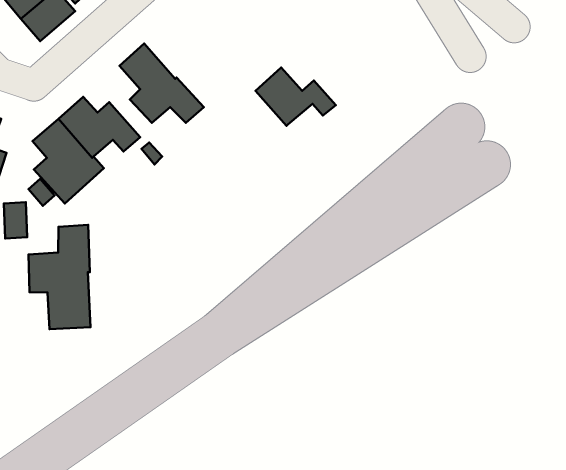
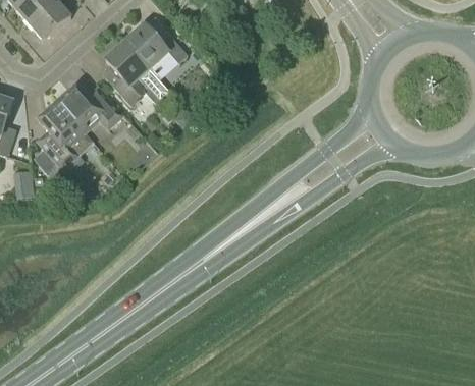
building: [255,67,336,126] -> [124,24,188,70]
building: [29,225,90,329] -> none

